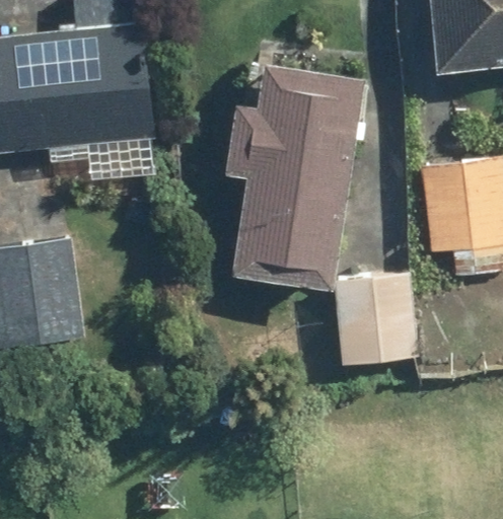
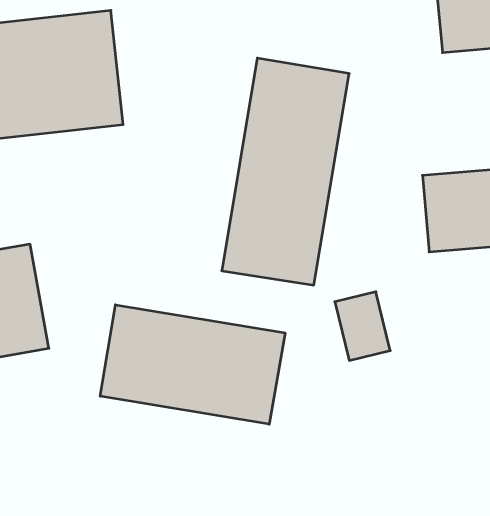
building: none -> [100,305,285,424]

